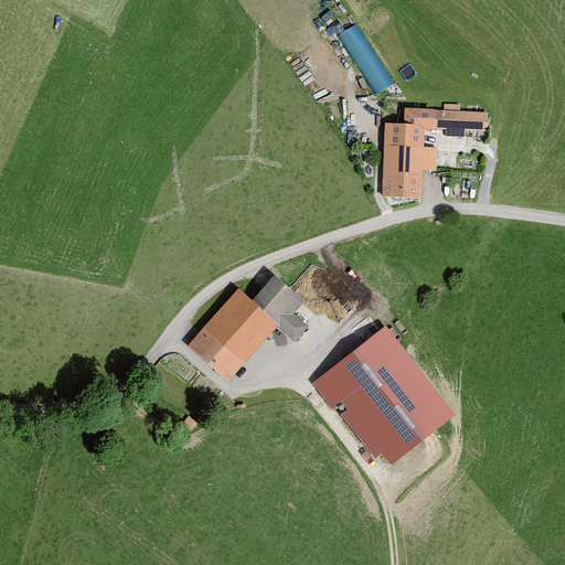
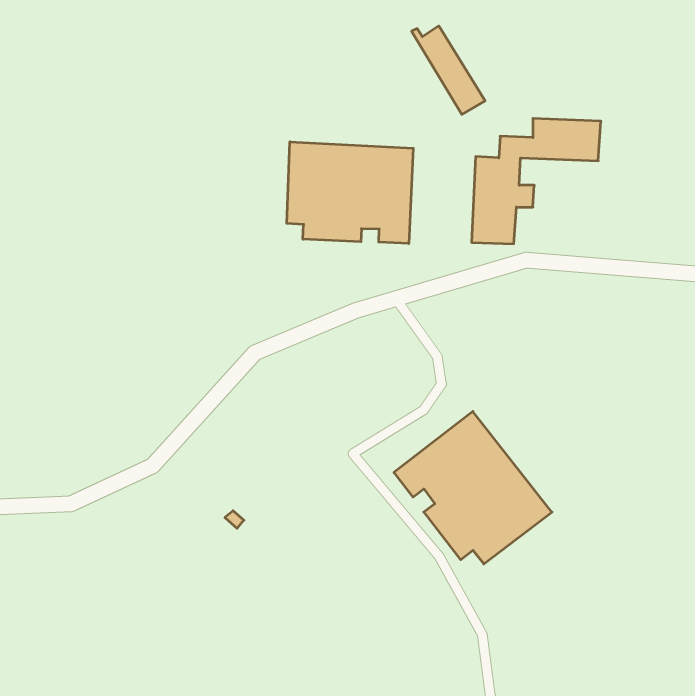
building: none -> [287,142,413,244]
building: [186,277,308,381] -> none

